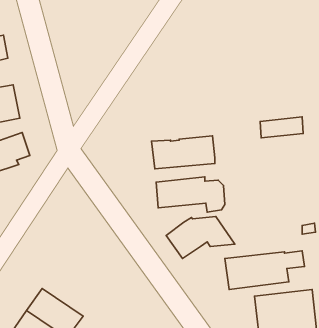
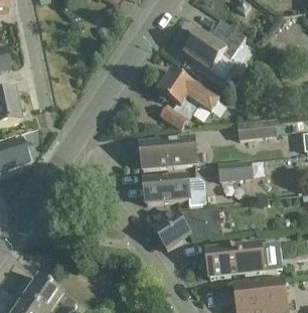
building: none -> [184,19,246,74]
building: none -> [157,68,218,128]
building: none -> [218,161,253,180]

